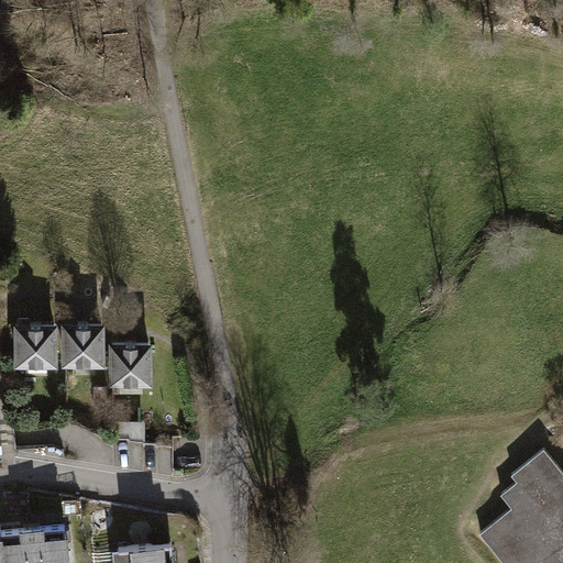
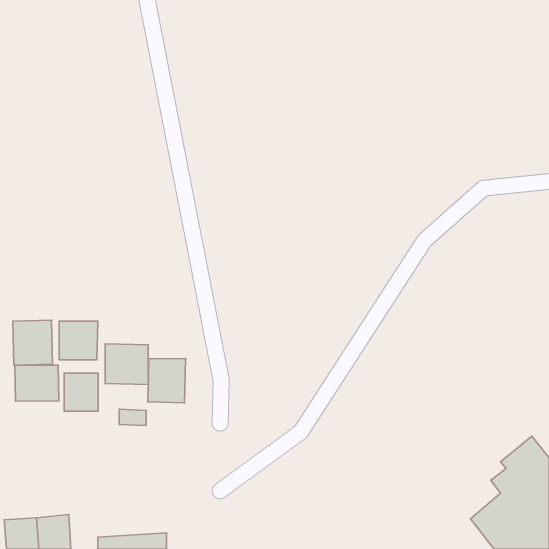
building: none -> [148,358,186,403]
building: none -> [15,365,59,401]
building: none -> [64,373,98,411]

